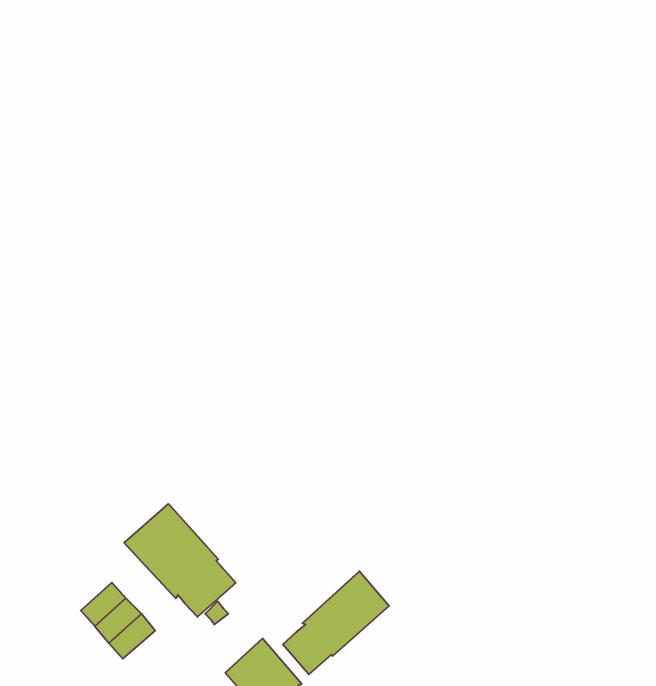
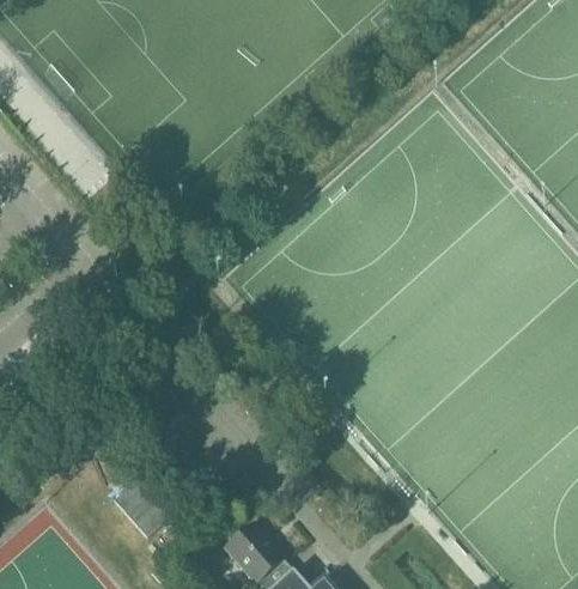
building: [124,504,236,617] -> none
building: [283,571,389,674] -> none

